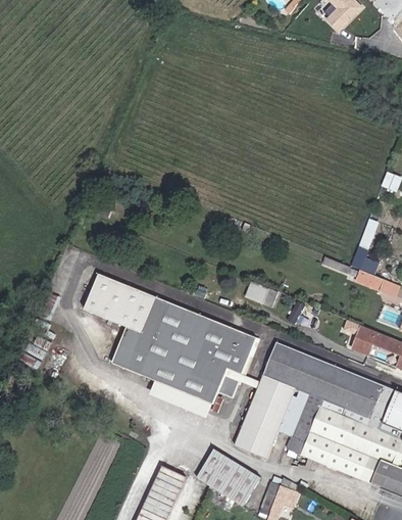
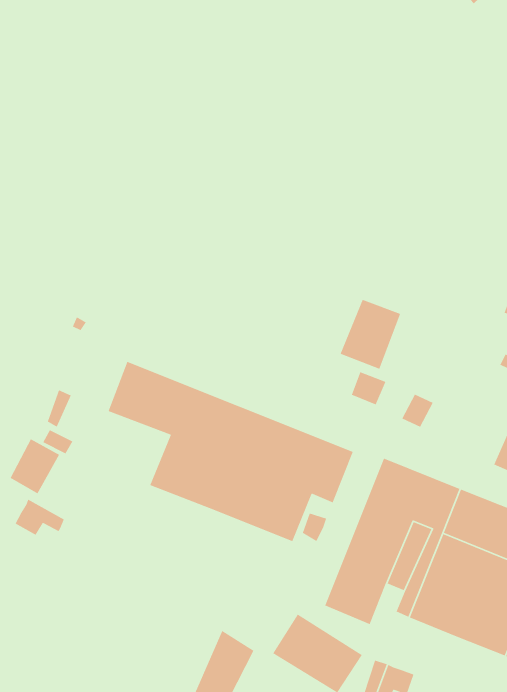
building: none -> [340,299,401,370]
building: none -> [14,499,65,536]
building: [153,379,213,417] -> none

